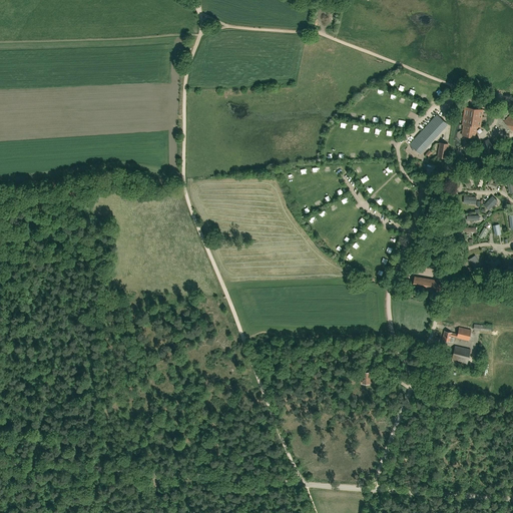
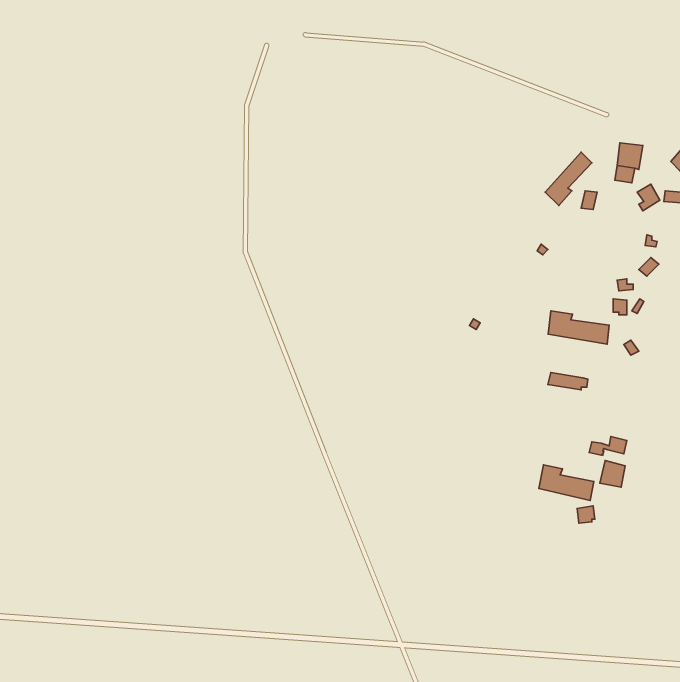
building: none -> [548,311,609,344]
building: none -> [539,465,594,501]

